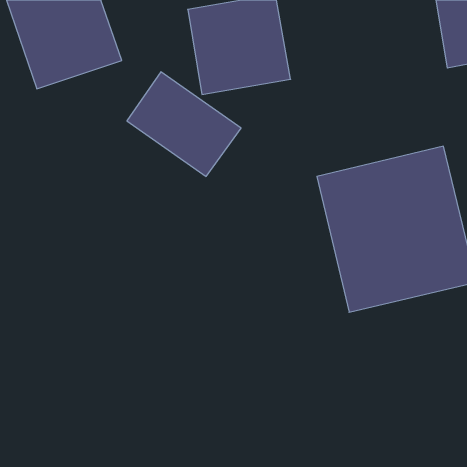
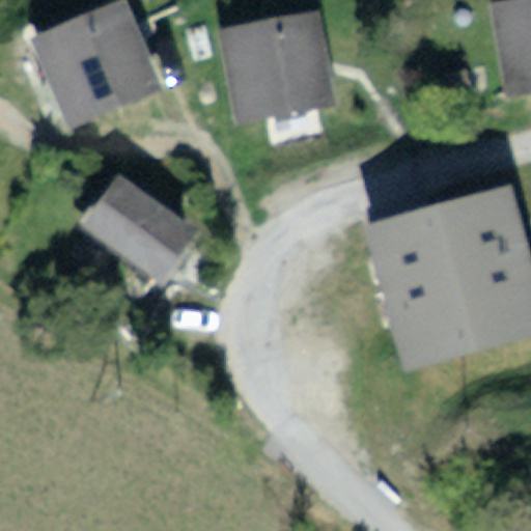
building: [127,72,241,176] -> [71,153,196,269]

